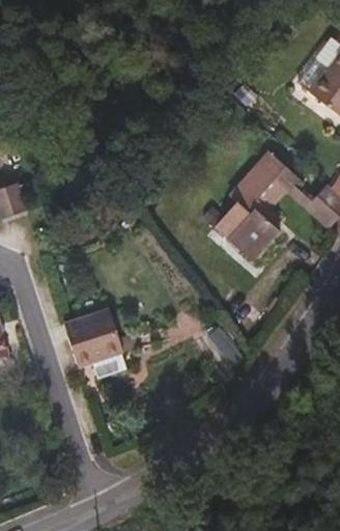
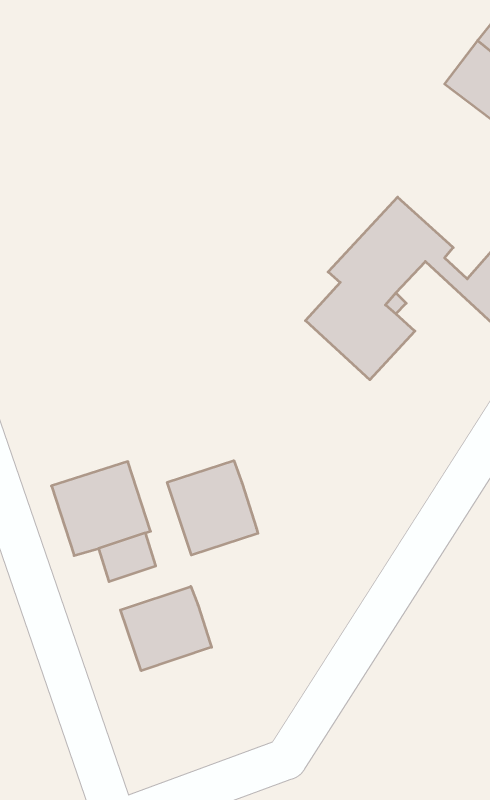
building: none -> [167,461,258,555]
building: none -> [120,586,212,671]

